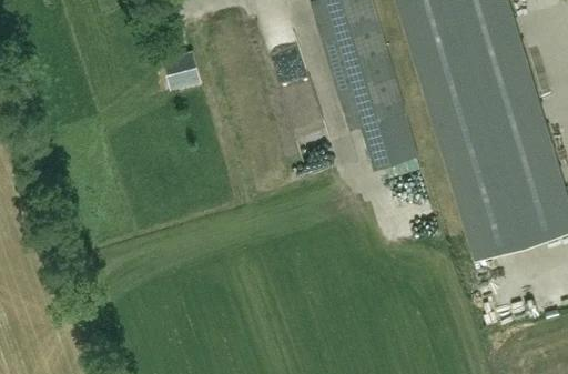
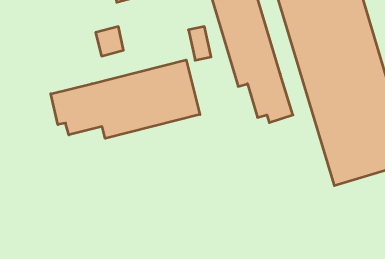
building: none -> [51,60,200,138]

